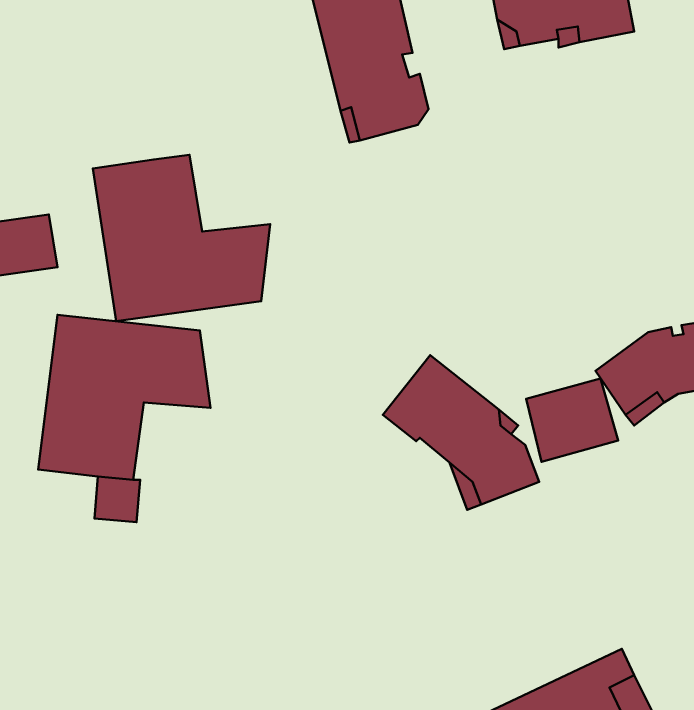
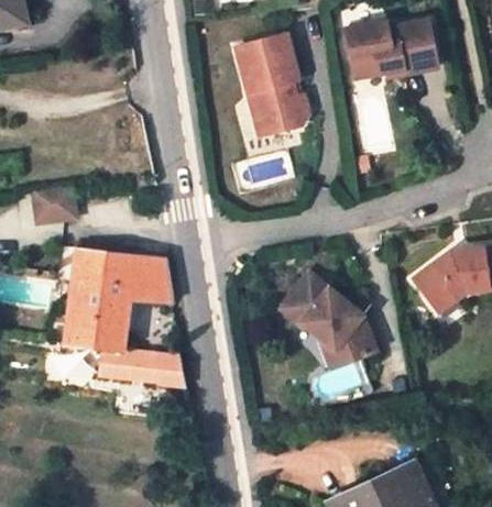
building: [93,155,270,321] -> none
building: [526,379,618,462] -> none
building: none -> [124,350,186,385]

